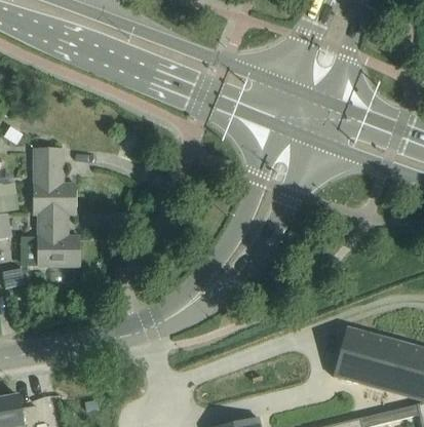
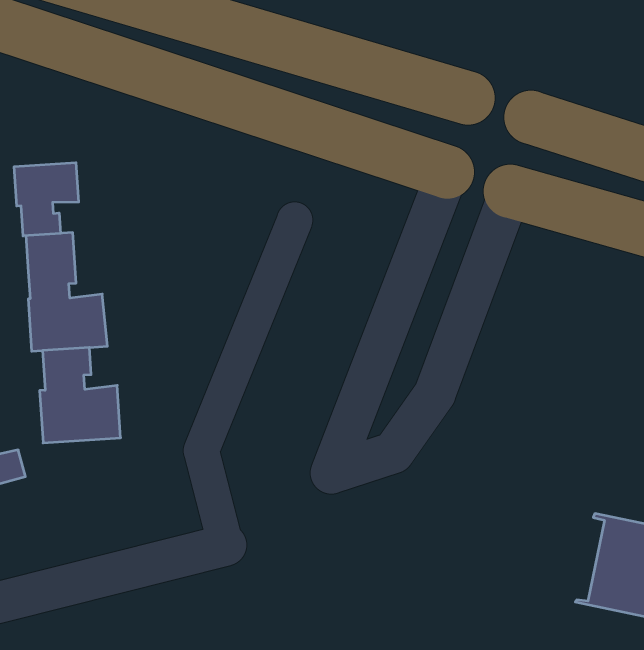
building: none -> [14,163,79,236]

